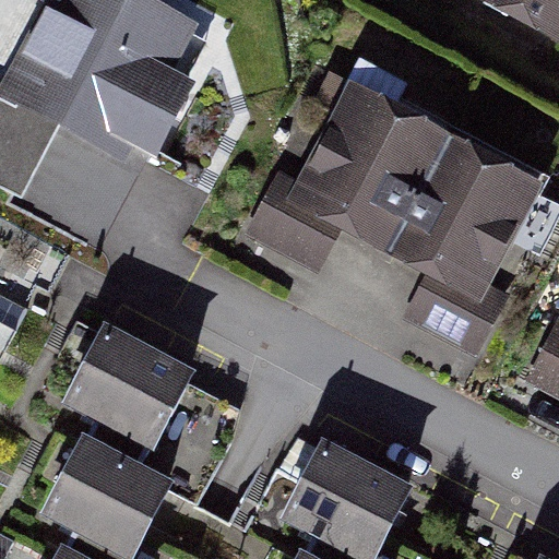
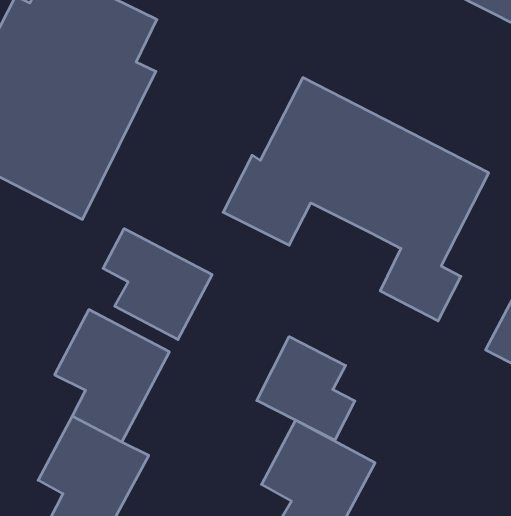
building: none -> [103,229,212,340]
building: none -> [257,337,355,440]

